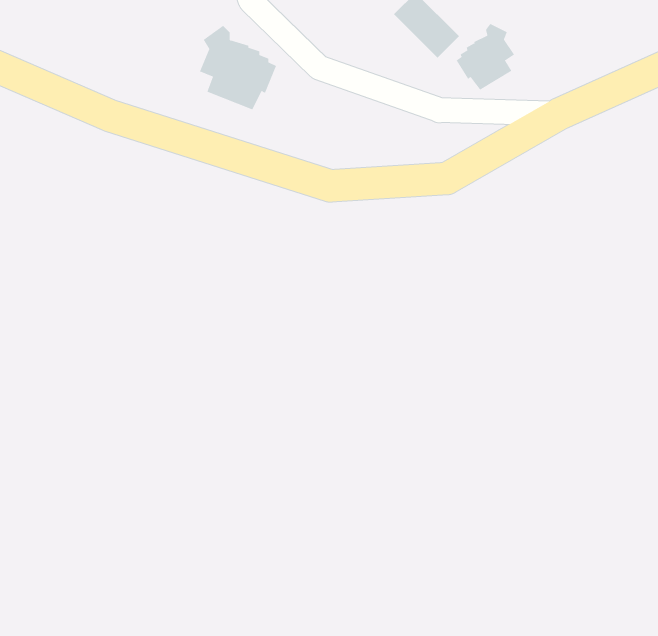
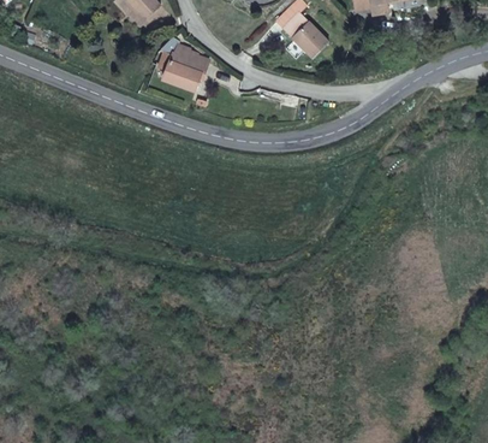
building: [456,23,515,91] -> none

